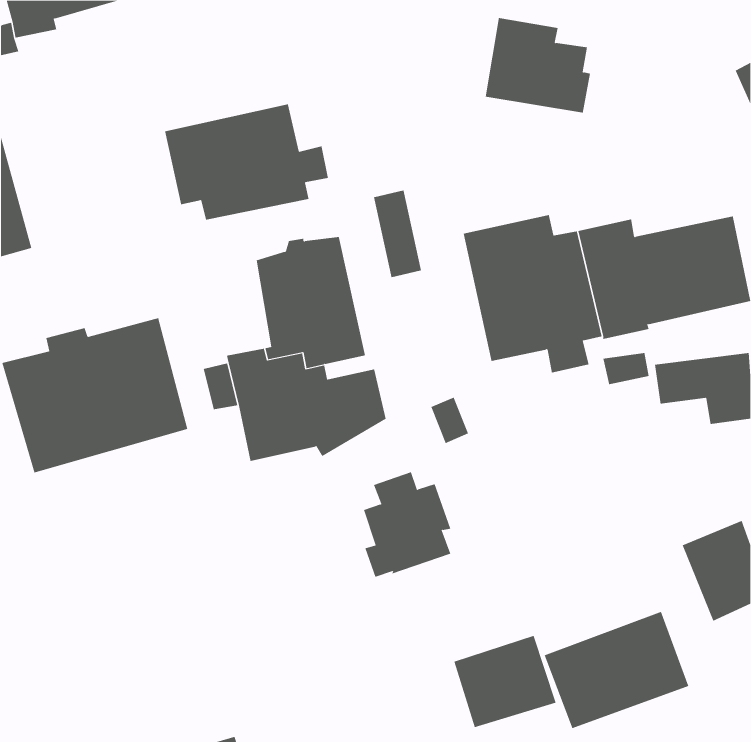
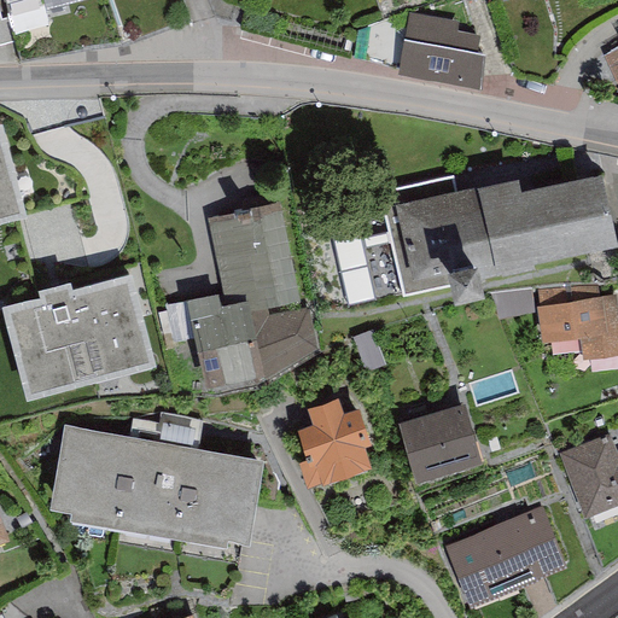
building: [165,103,329,221] -> none
building: [373,190,422,278] -> [339,235,379,308]
building: none -> [49,426,260,544]
building: [453,635,556,728] -> [398,401,483,477]

